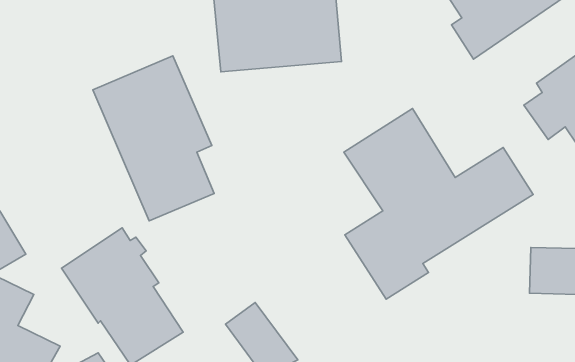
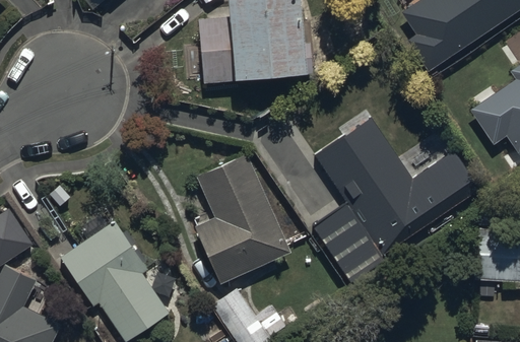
building: [93,56,214,221] -> none
building: none -> [193,152,291,285]

